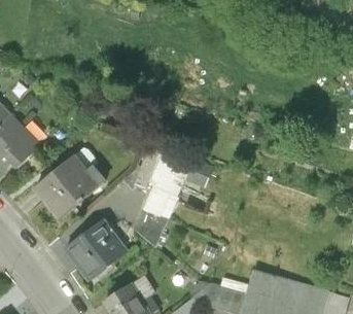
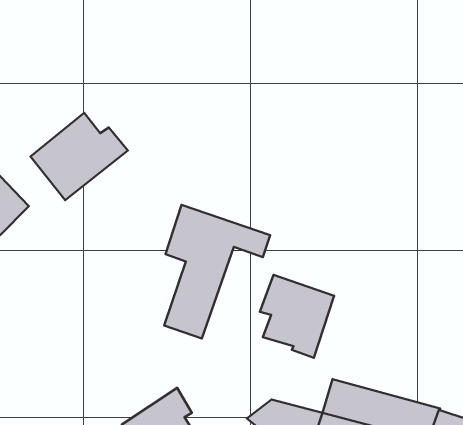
building: [37,156,106,218] -> [30,113,128,200]
building: none -> [260,275,334,358]
building: [67,219,127,281] -> none

